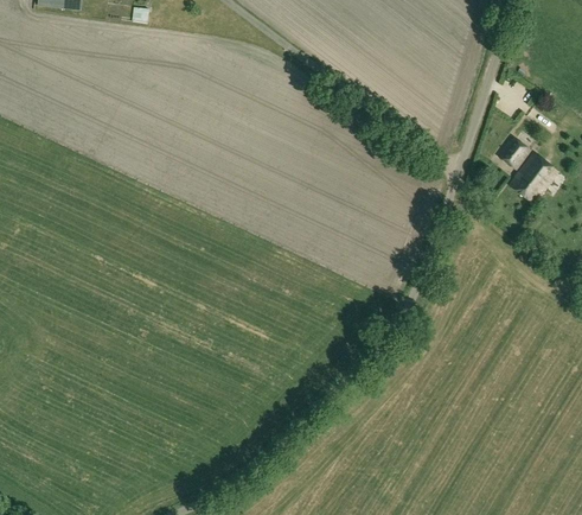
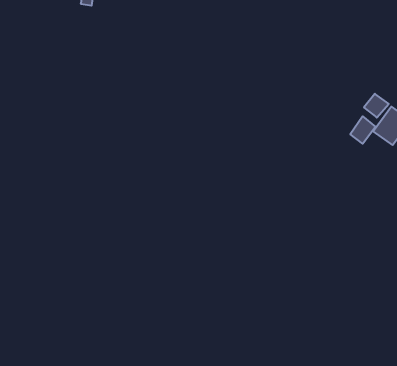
building: none -> [350,116,375,144]

